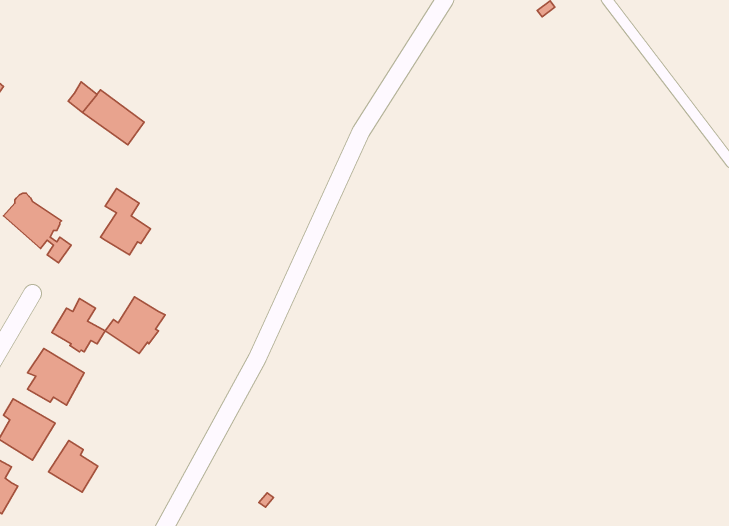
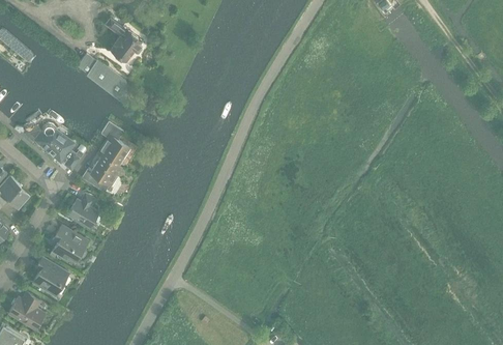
building: none -> [105,18,142,62]
building: [105,297,165,354] -> [82,155,120,192]
building: [49,441,98,492] -> none

